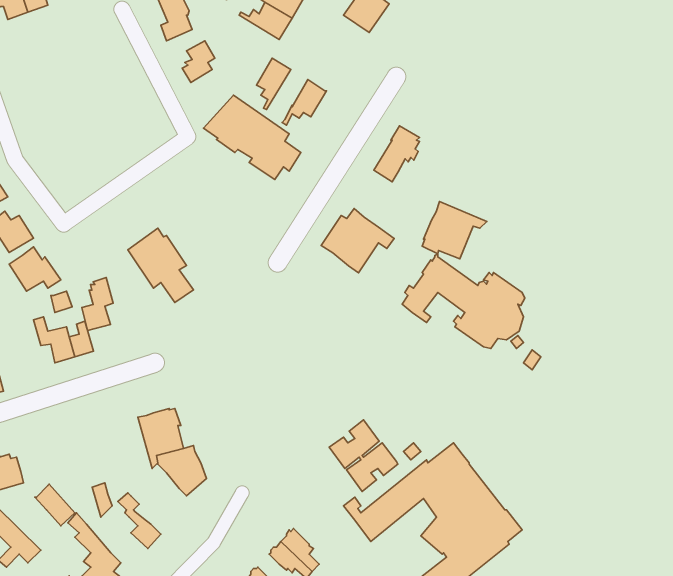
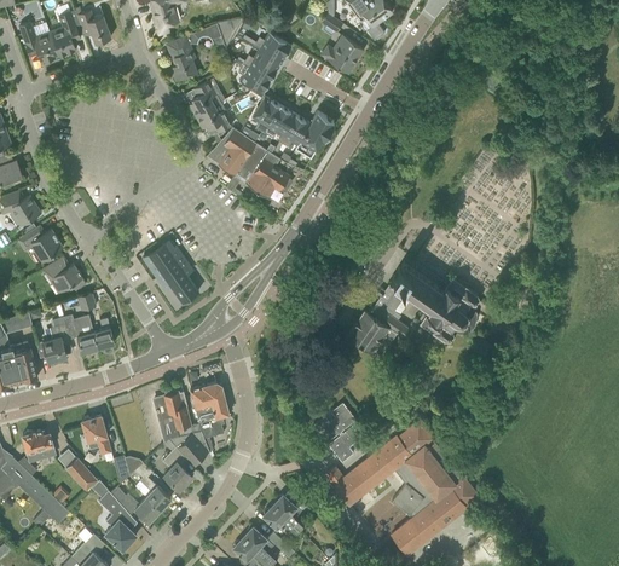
building: none -> [232,59,271,97]
building: none -> [196,106,233,138]
building: none -> [260,106,295,143]
building: [374,126,419,182] -> [295,112,334,160]
building: [422,201,487,259] -> none
building: [321,208,394,273] -> [347,305,409,359]
building: [82,277,113,330] -> [42,318,69,363]
building: none -> [190,383,228,439]
building: none -> [81,416,111,456]
building: none -> [162,440,191,490]
building: none -> [110,486,160,524]

